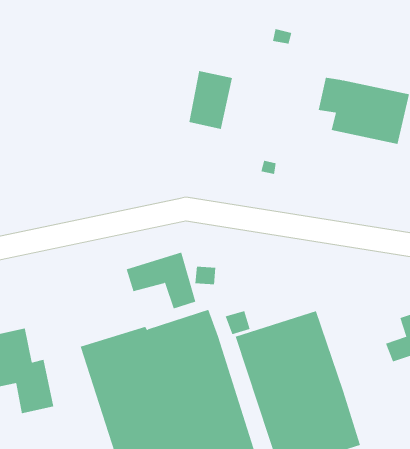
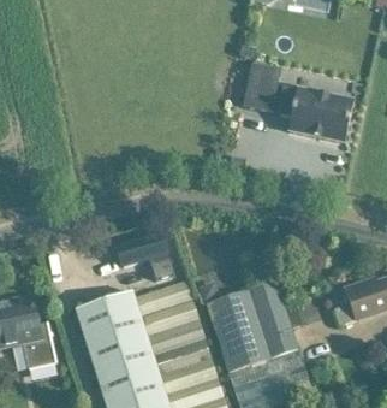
building: [188,71,233,129] -> [243,63,280,112]

